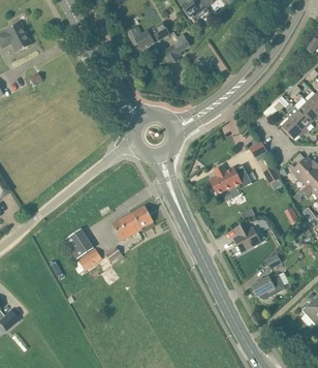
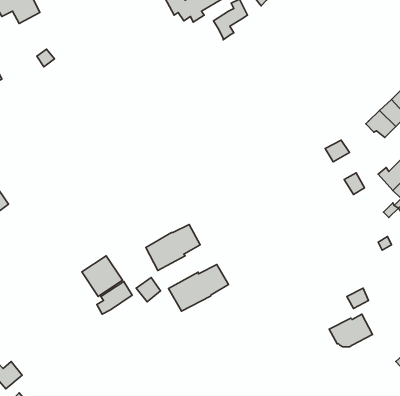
building: [210,164,252,196] -> none
building: [234,221,261,251] -> none
building: none -> [168,264,228,311]

